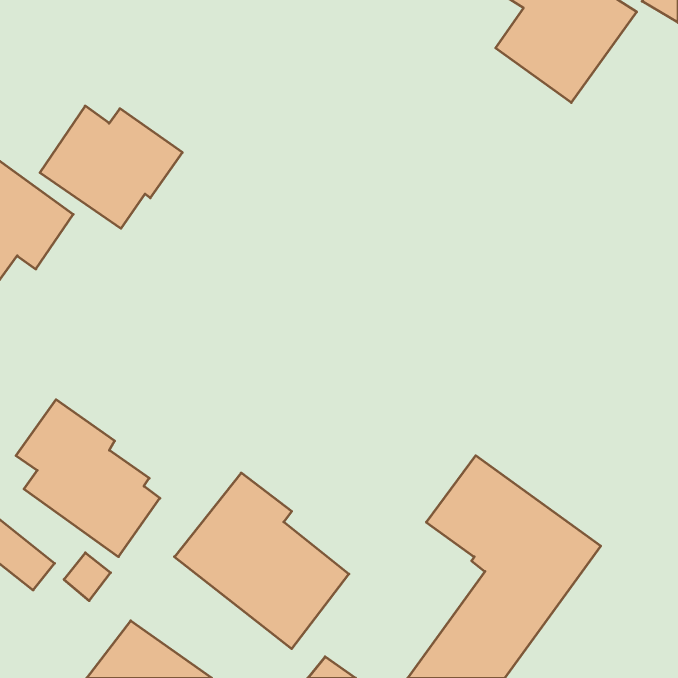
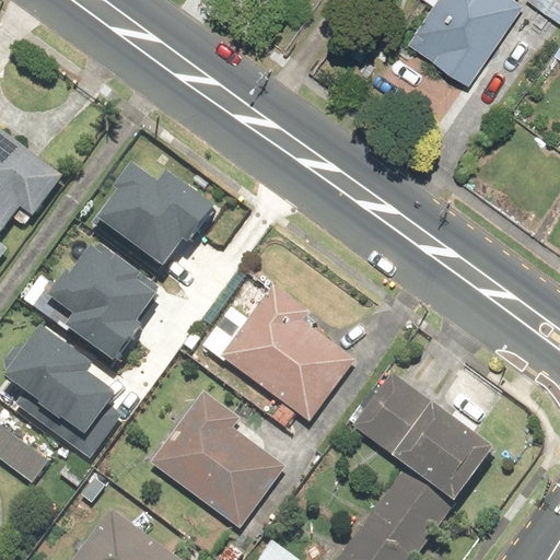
building: [40,106,182,228] -> [102,163,219,264]
building: none -> [49,237,161,352]
building: none -> [200,285,354,427]

